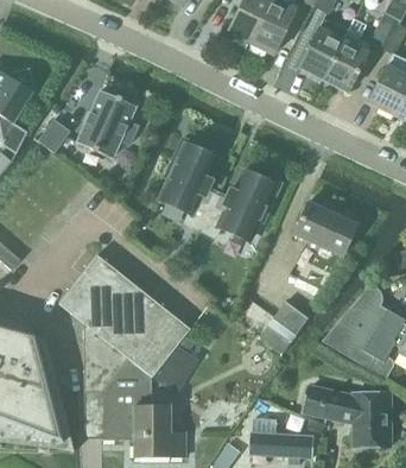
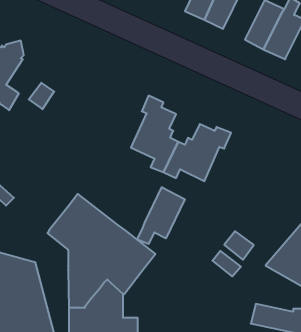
building: [76,91,137,159] -> none
building: [293,202,355,255] -> none
building: none -> [137,187,185,244]
building: [152,346,198,392] -> none

